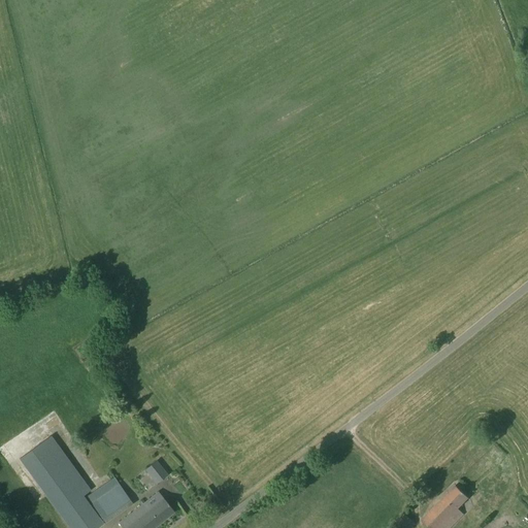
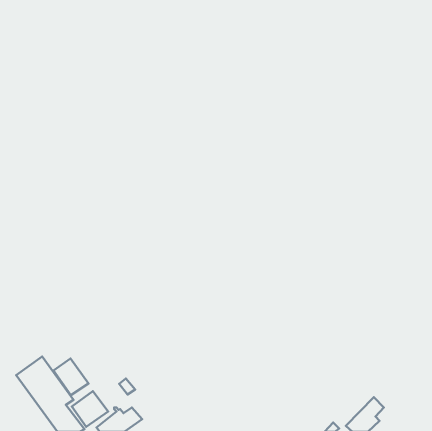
building: none -> [54,359,88,395]

